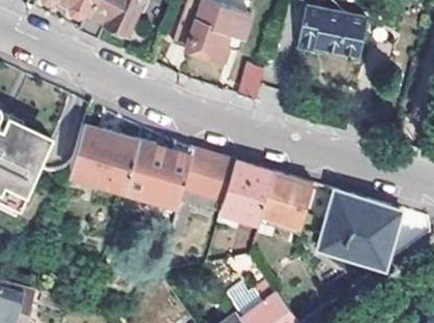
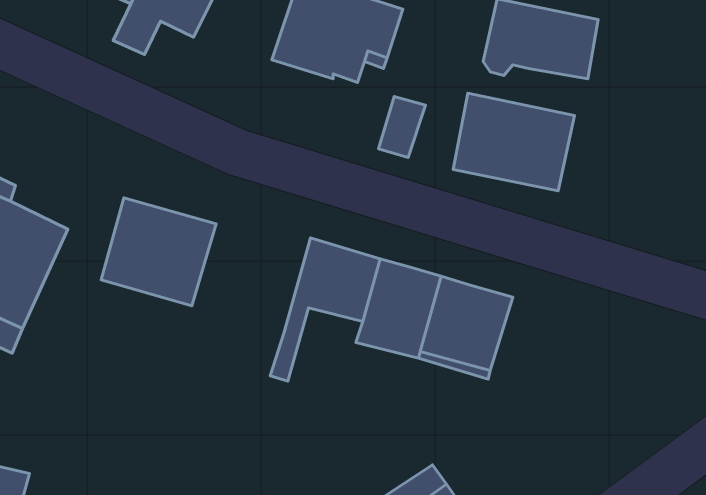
building: none -> [453,93,574,191]
building: [123,143,194,207] -> none
building: [318,192,400,266] -> none

